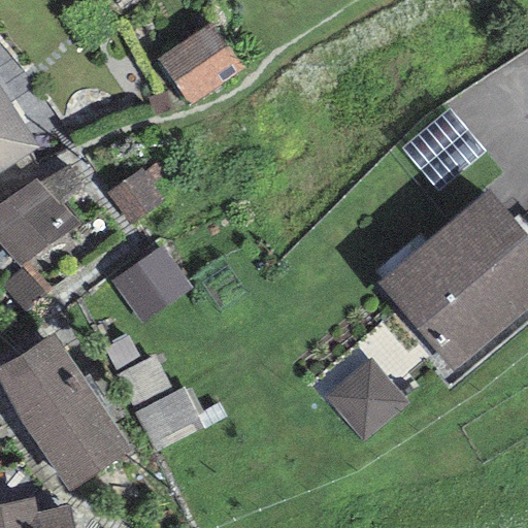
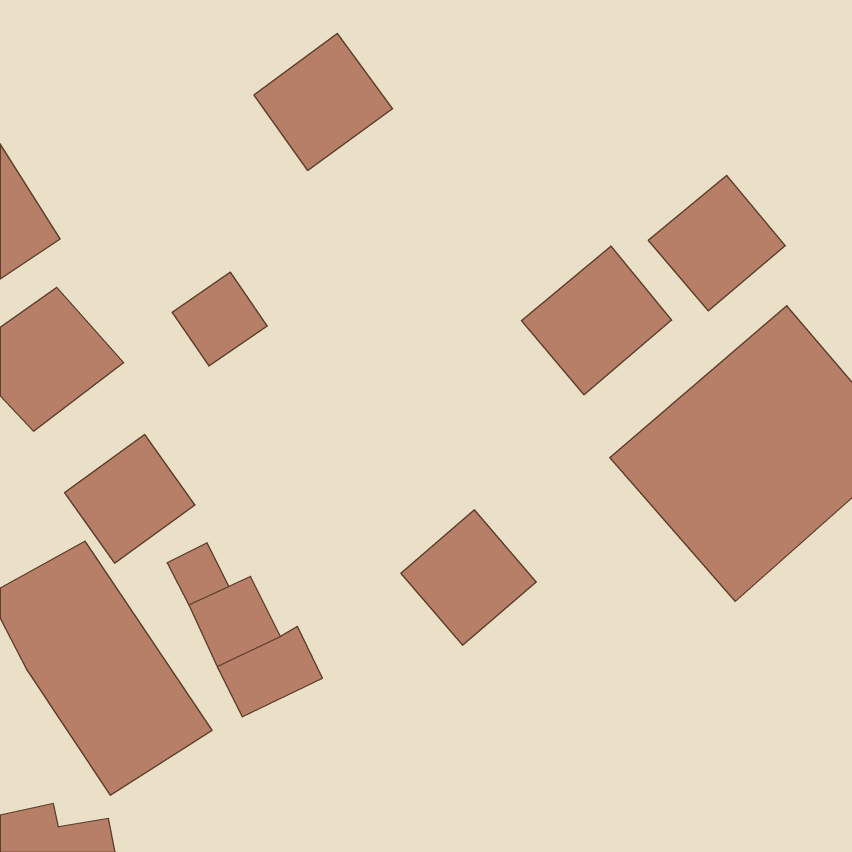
building: none -> [521,246,672,395]
building: [111,245,192,325] -> [65,435,195,563]
building: [325,359,408,442] -> [401,510,536,645]

